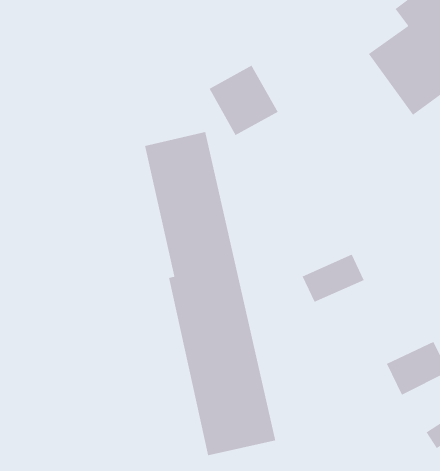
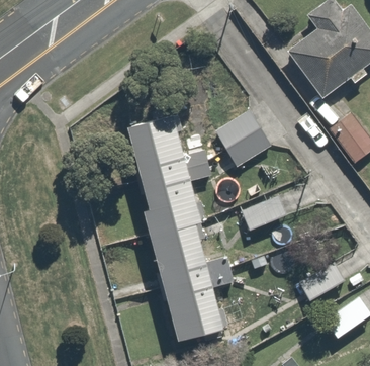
building: [208,65,279,136] -> [219,111,270,163]

